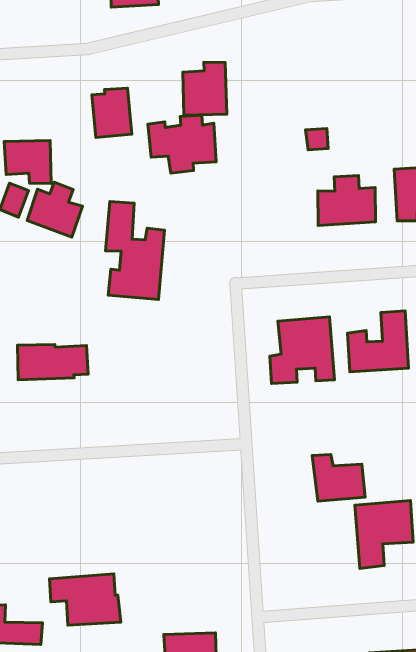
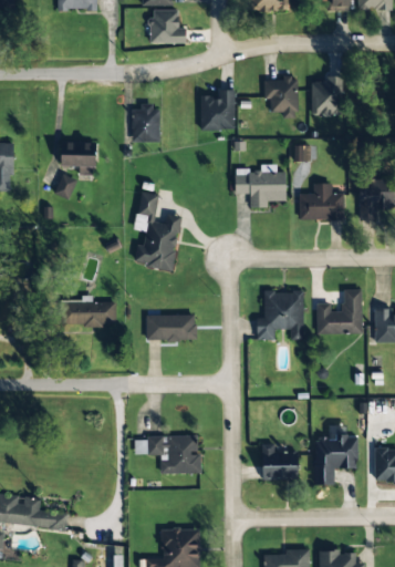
building: none -> [312,76,343,116]
building: none -> [264,75,298,118]
building: [148,115,216,173] -> [236,165,287,208]
building: [27,182,82,237] -> none
building: none -> [147,315,197,342]
building: [312,454,365,501] -> [261,444,300,480]
building: [49,574,121,625] -> [149,436,202,474]

